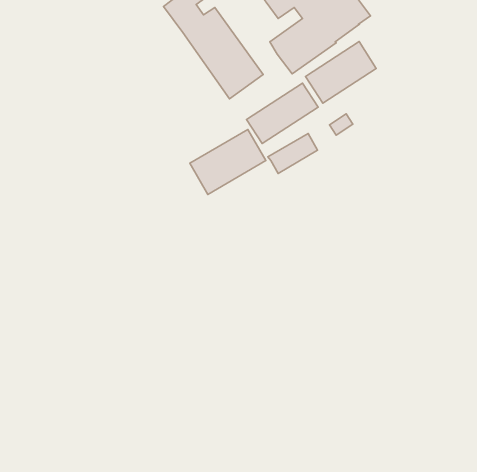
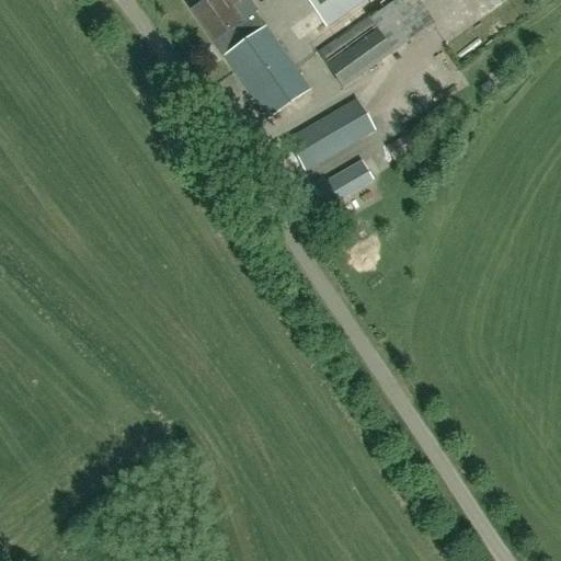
building: [306,42,376,103] -> none
building: [190,129,266,194] -> none

